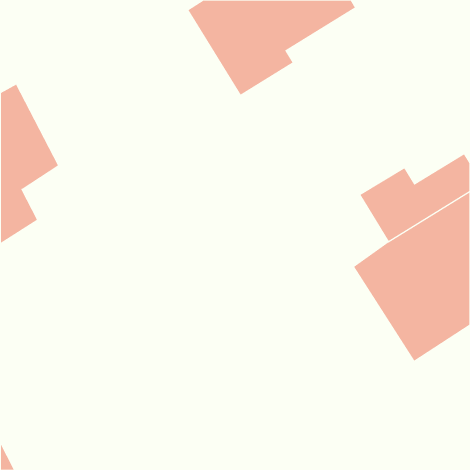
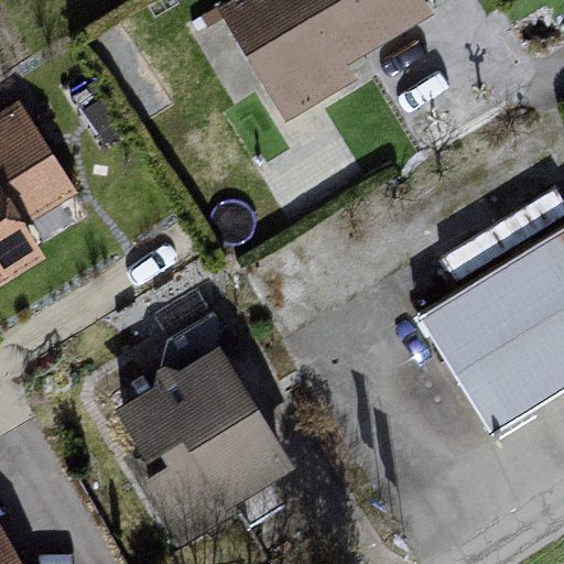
building: none -> [121,354,288,554]

